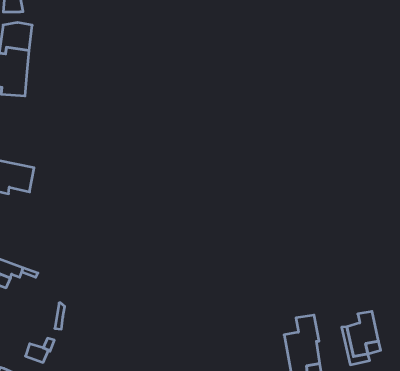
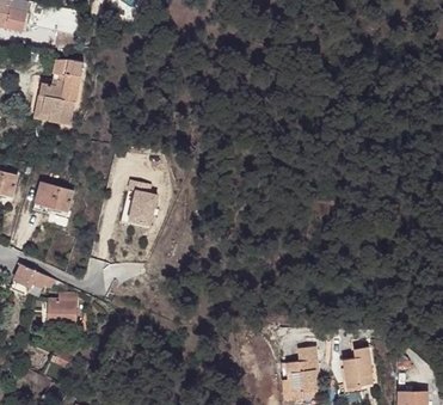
building: none -> [128,177,156,223]
building: none -> [48,293,76,327]

